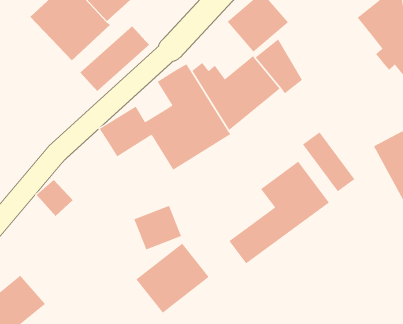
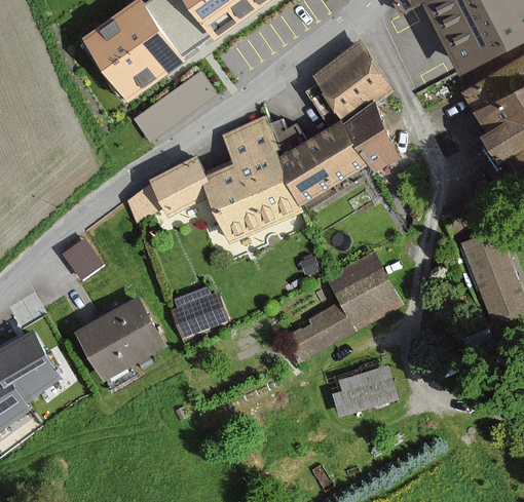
building: [302,132,355,192] -> none
building: [136,243,209,314] -> [74,300,160,379]
building: none -> [330,364,399,413]

